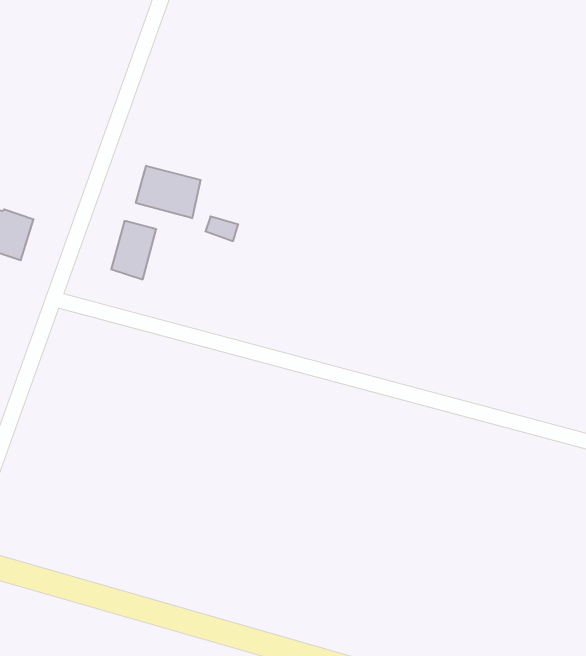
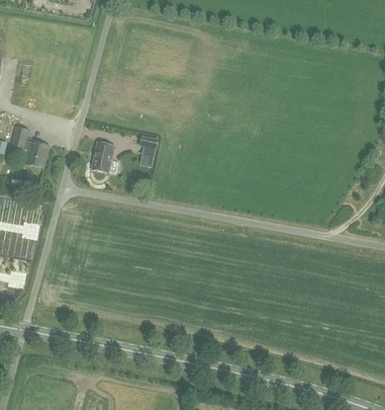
building: [136,166,201,218] -> none

